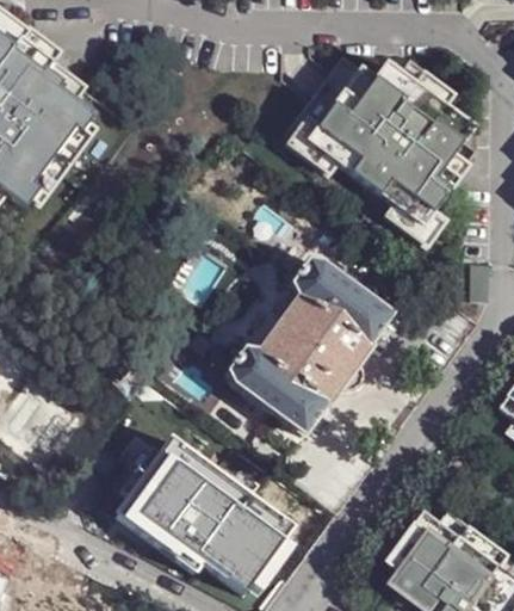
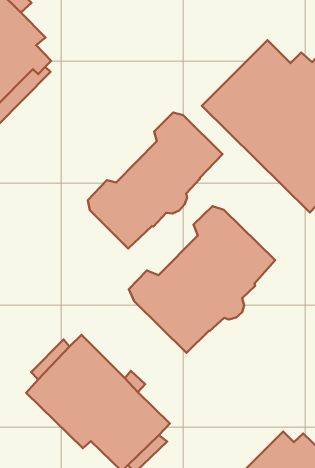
building: none -> [88,112,223,248]

